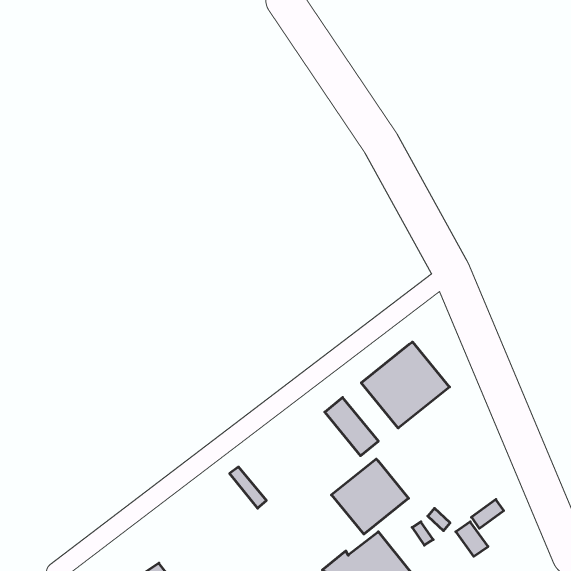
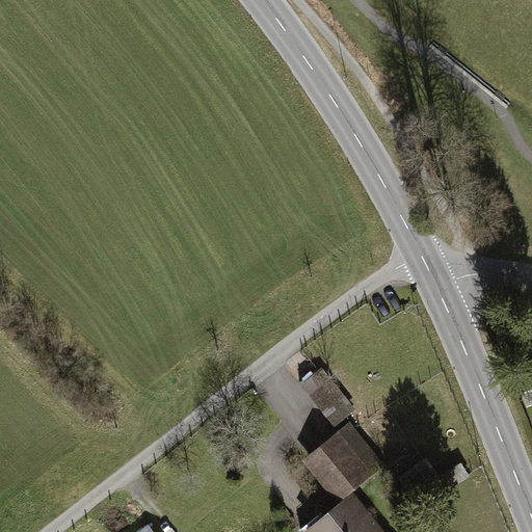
building: [361,342,450,428] -> none

